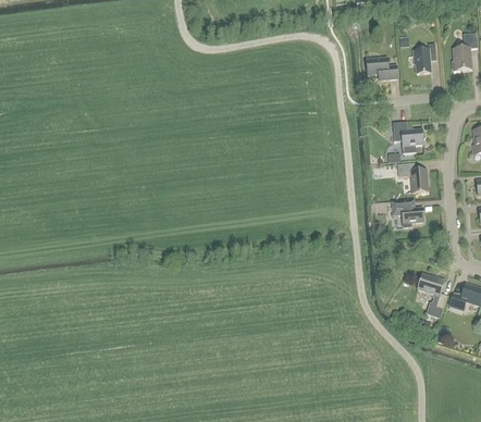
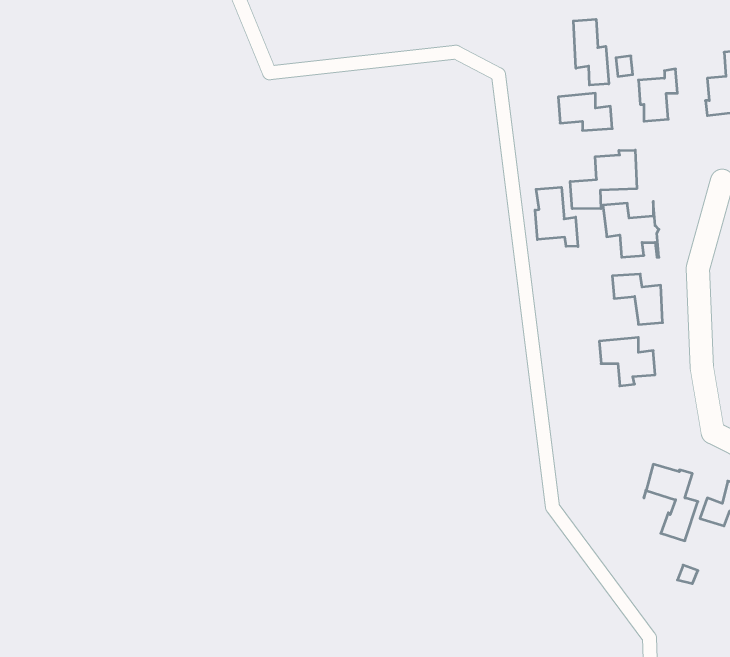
building: none -> [573,19,609,85]
building: none -> [570,150,637,209]
building: none -> [535,187,578,247]

